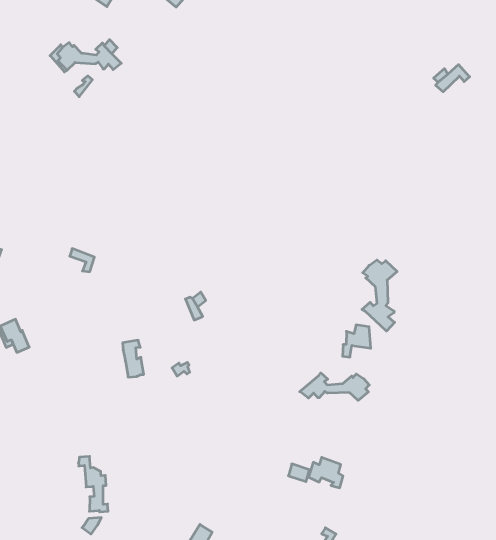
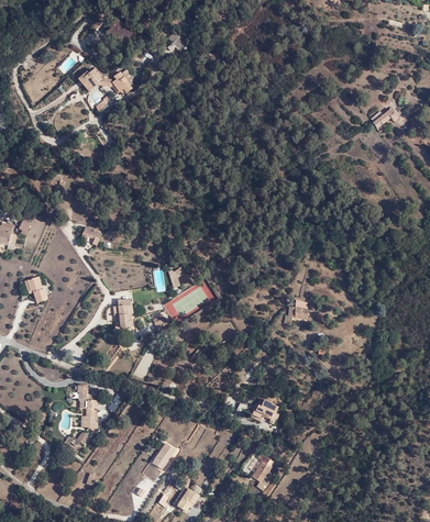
building: [362,260,397,331] -> none
building: [300,373,369,400] -> none

